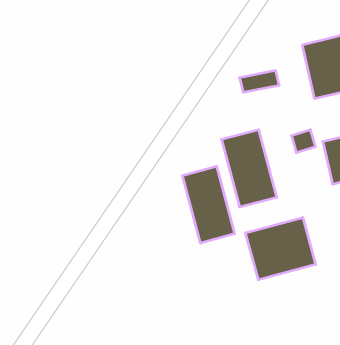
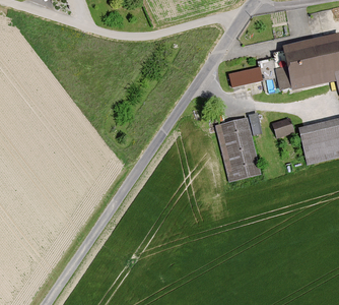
building: [182,166,235,243] -> none
building: [246,217,316,280] -> none

